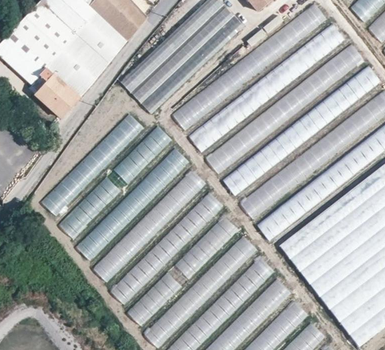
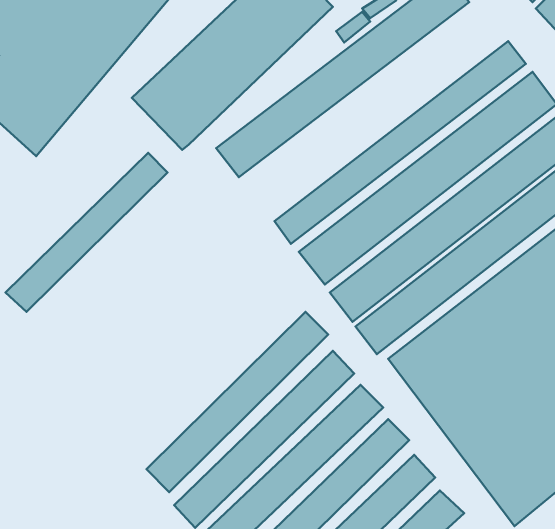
building: [192,26,343,147] -> none
building: [61,127,171,236] -> none
building: [76,148,190,259] -> none
building: [94,169,205,280] -> none
building: [112,192,224,303] -> none

